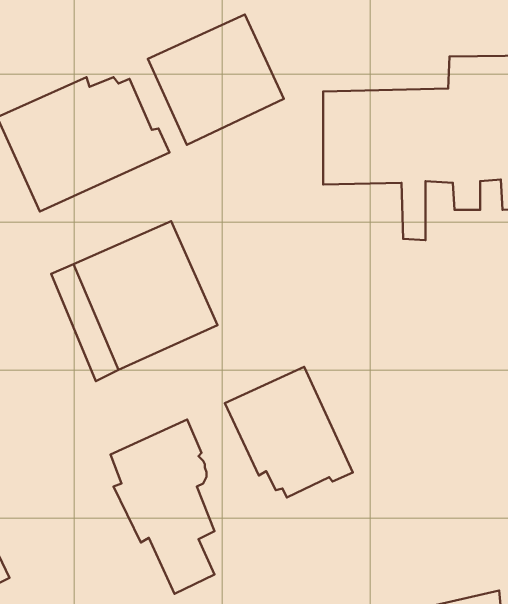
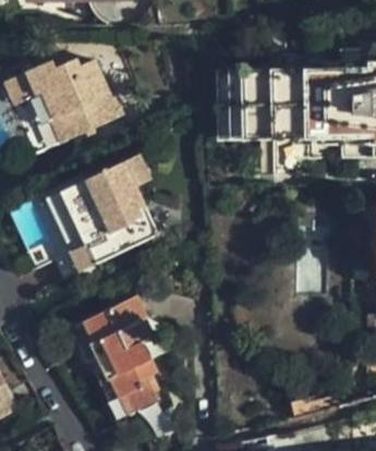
building: [148,15,284,145] -> none
building: [225,367,353,497] -> none

